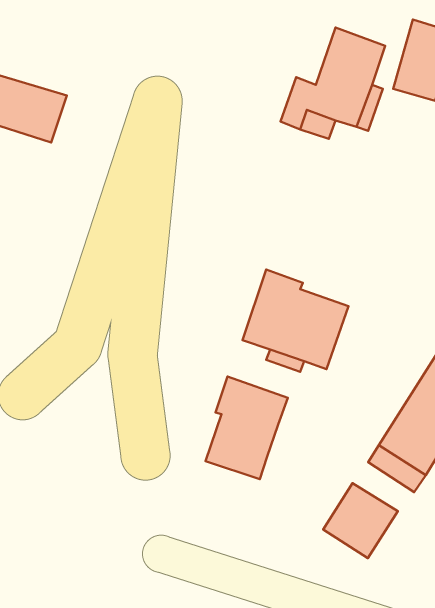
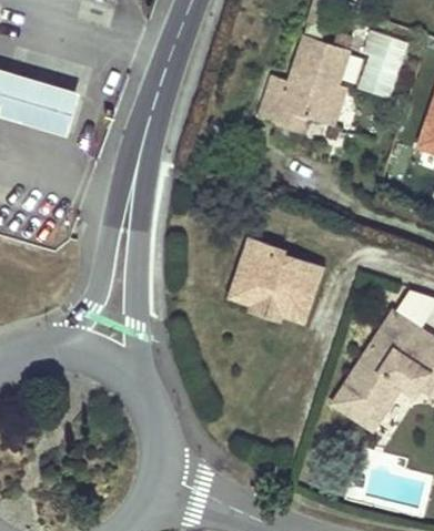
building: [205,377,288,479] -> none
building: [323,483,398,558] -> none

